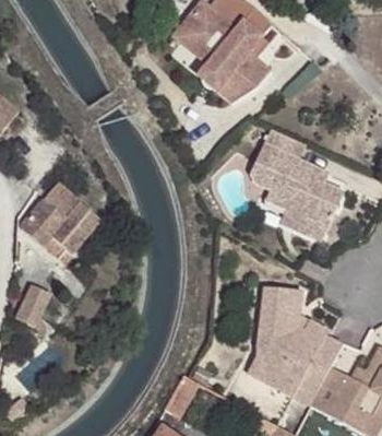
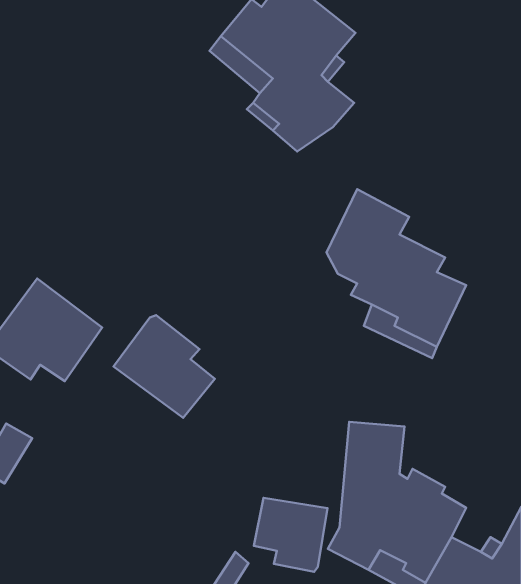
building: none -> [114,315,215,418]
building: none -> [254,498,328,572]

